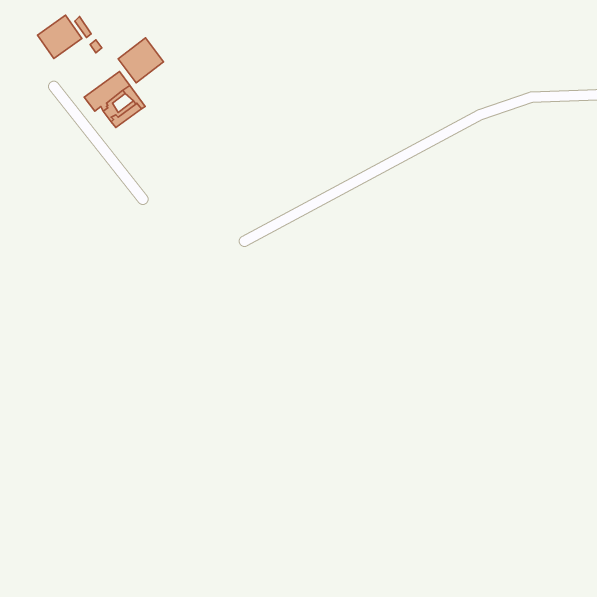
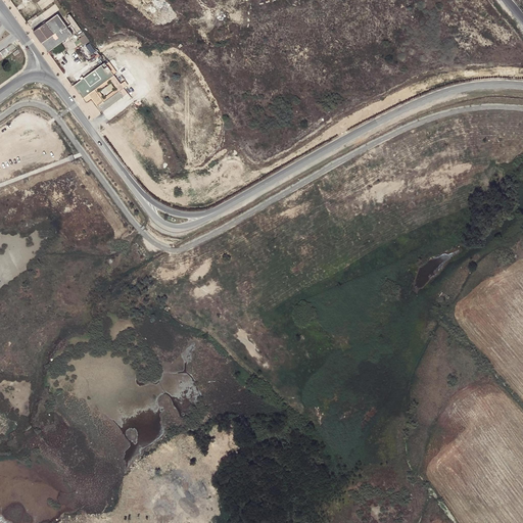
building: [118,38,164,83] -> none

